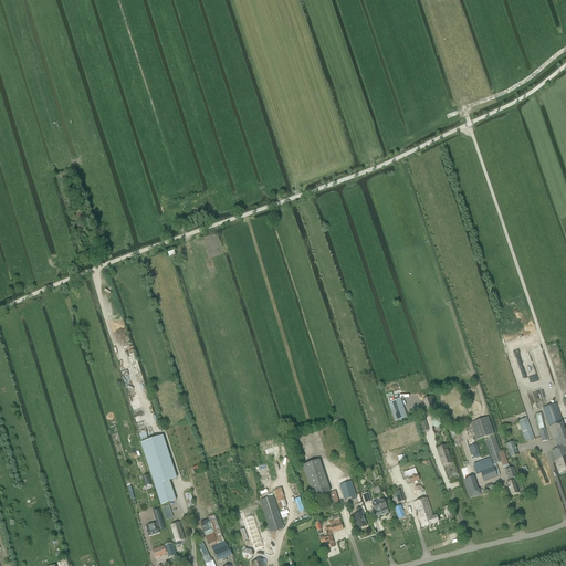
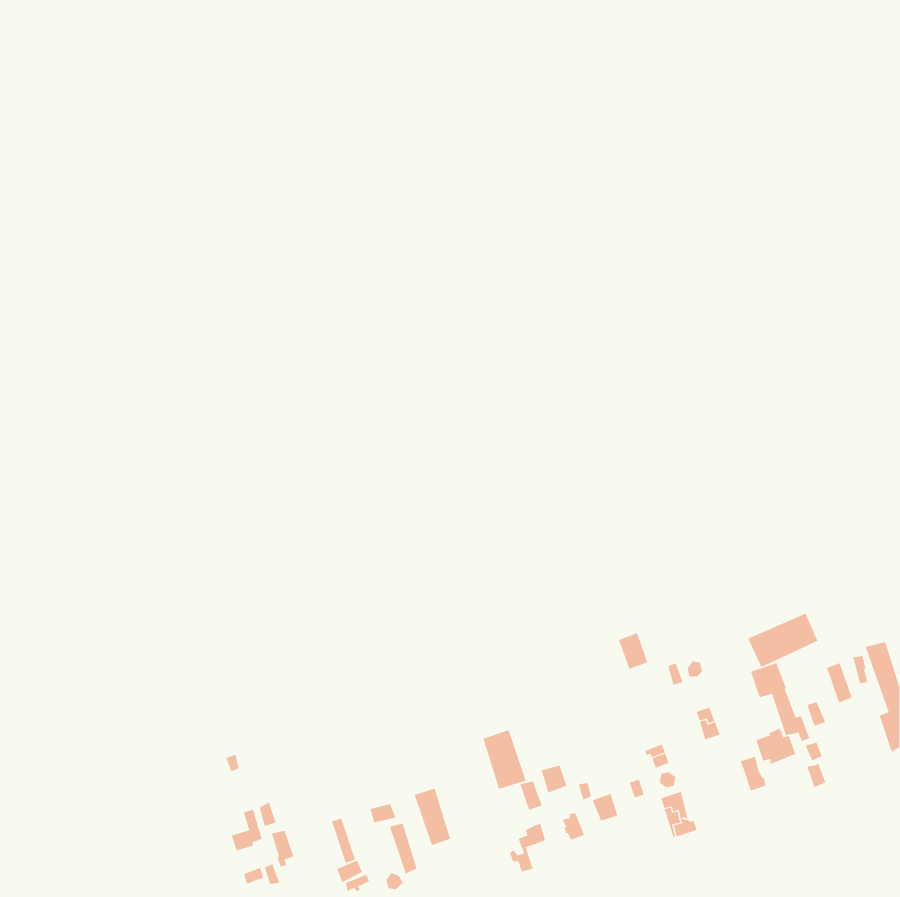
building: none -> [747,613,818,668]
building: [140,433,177,503] -> none

